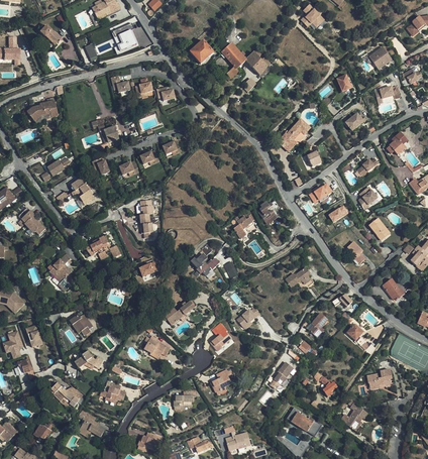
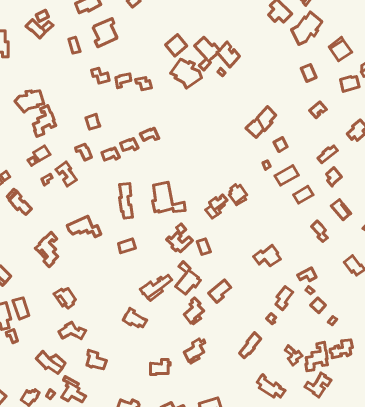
building: none -> [292,12,322,44]
building: none -> [170,59,202,88]
building: none -> [33,105,56,137]
building: none -> [153,182,185,212]
building: none -> [176,262,200,294]
building: none -> [306,342,327,371]

